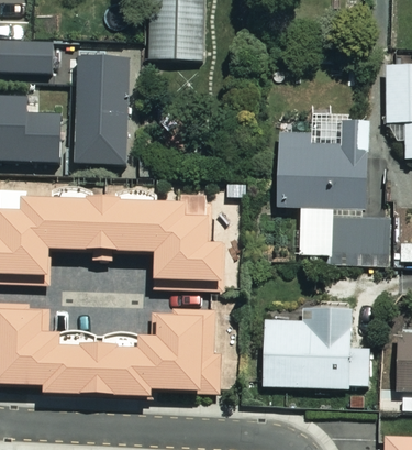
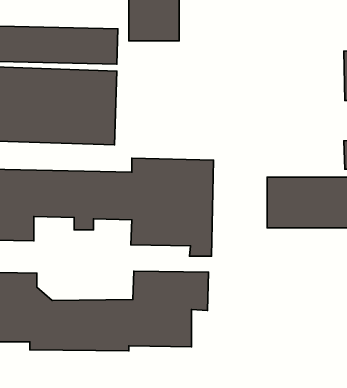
building: [276,114,374,207] -> none
building: [260,307,366,384] -> none

